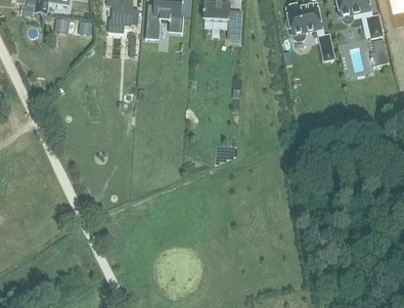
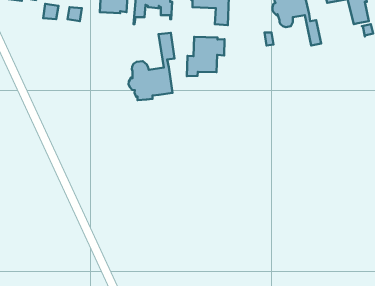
building: none -> [128,33,174,100]
building: none -> [187,37,224,76]

